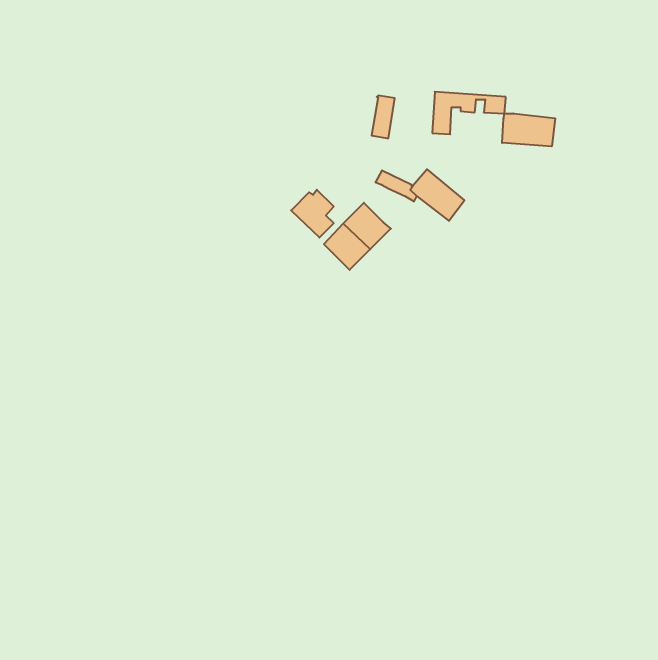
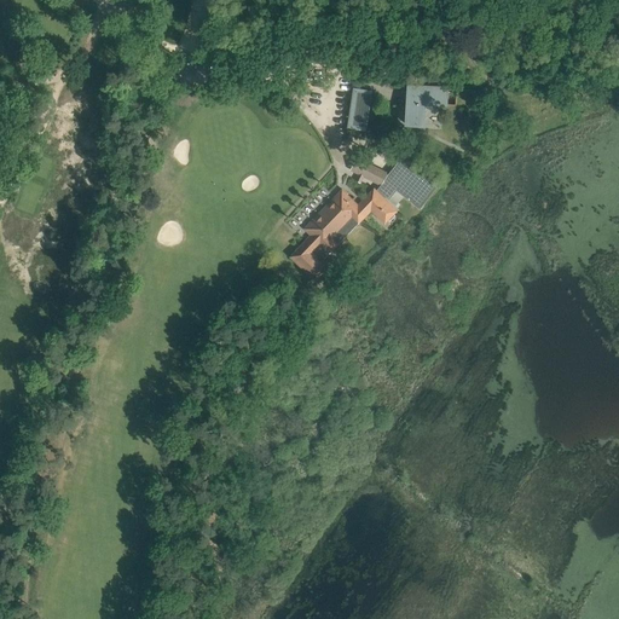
building: [502,113,555,146] -> none
building: [291,190,334,238] -> [288,237,328,282]
building: none -> [359,189,395,222]

